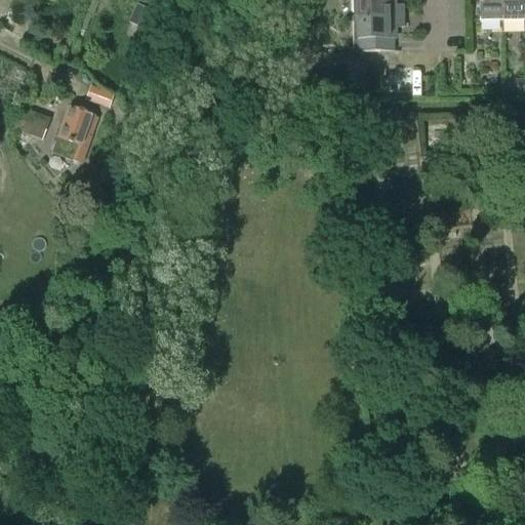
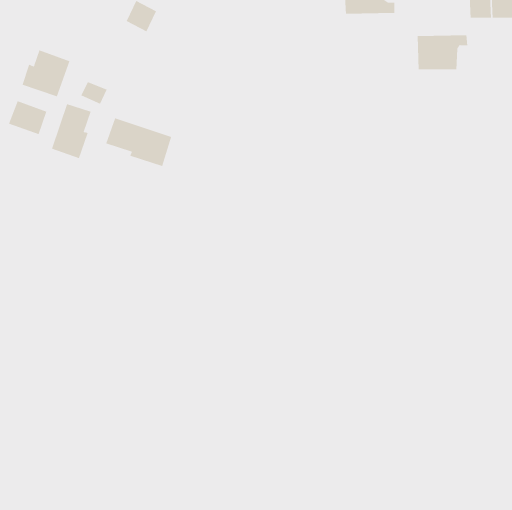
building: [354,13,406,49] -> [417,35,468,70]
building: none -> [22,49,70,97]
building: none -> [106,117,172,167]

